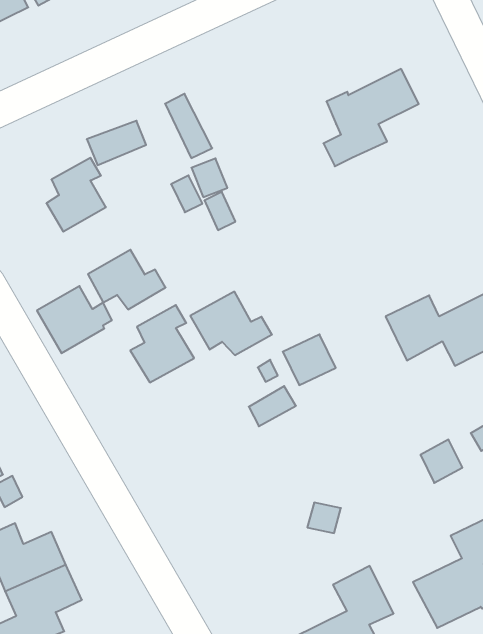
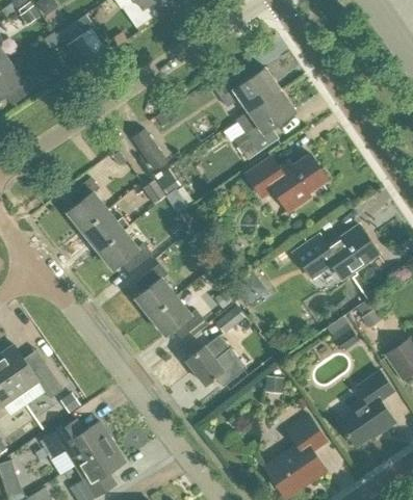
building: none -> [212,69,280,114]
building: none -> [246,155,328,212]
building: [37,286,112,353] -> [79,209,128,254]
building: [190,292,272,355] -> [149,297,203,338]
building: none -> [185,336,246,388]

